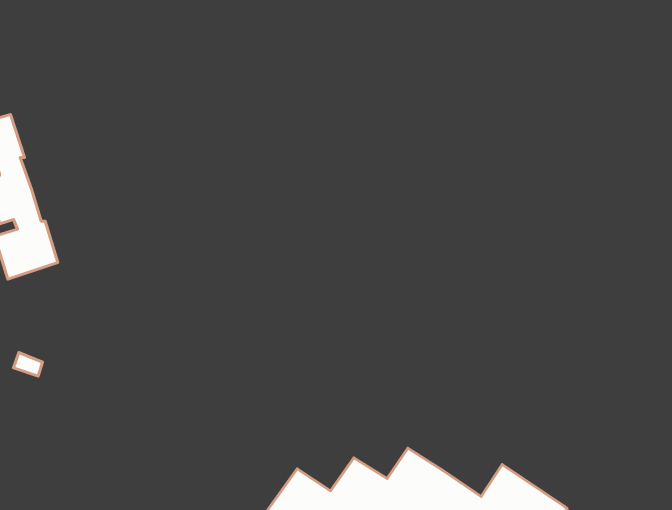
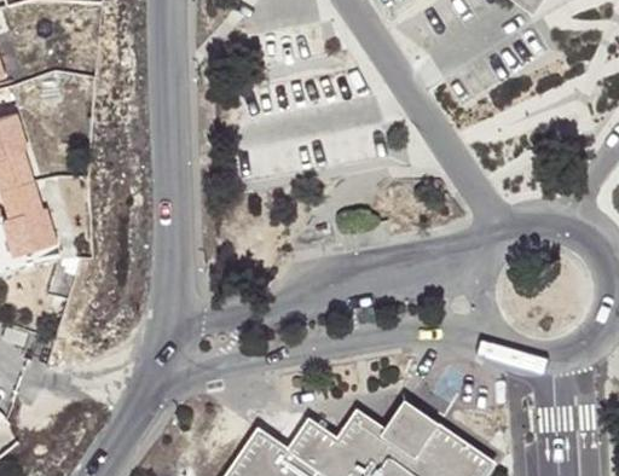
building: none -> [388,402,440,452]

